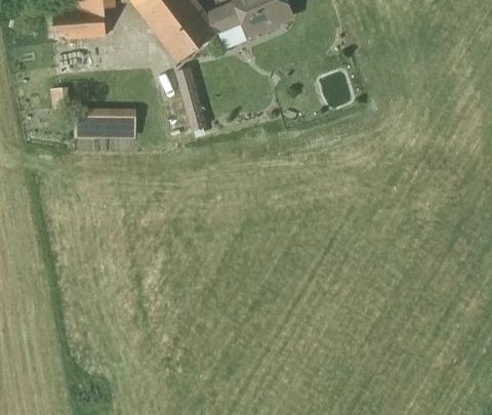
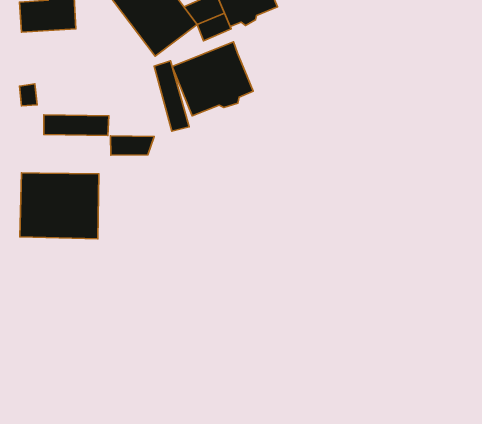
building: none -> [172,42,253,116]
building: none -> [110,136,154,155]
building: none -> [20,173,99,239]

